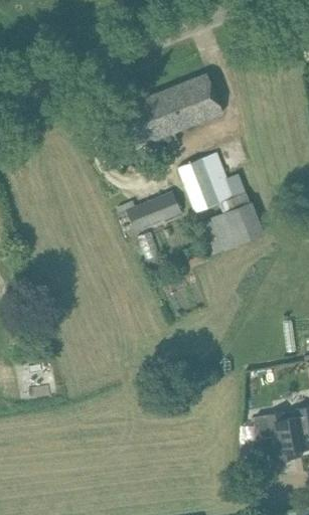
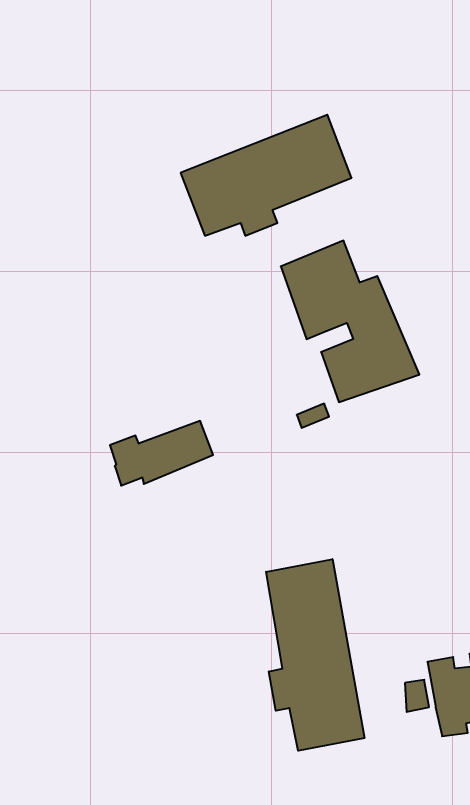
building: [116,191,180,231] -> [110,421,213,486]
building: none -> [266,559,364,751]

